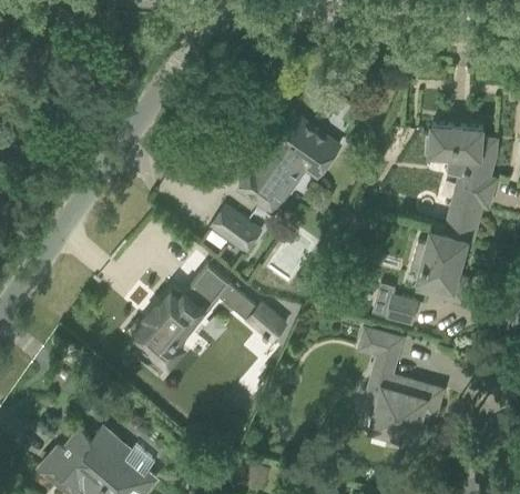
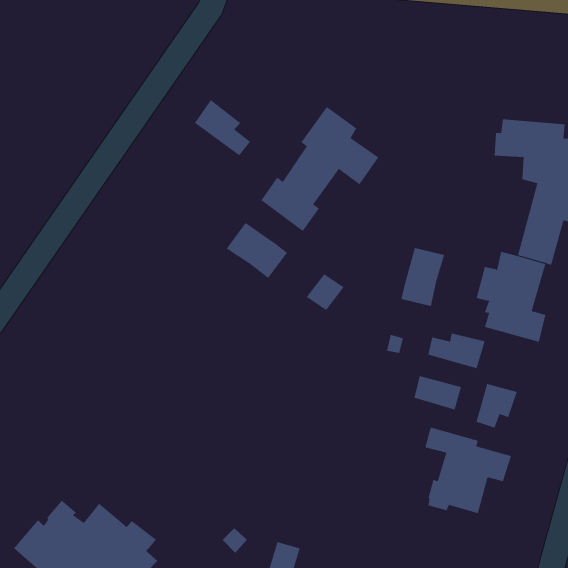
building: none -> [194,99,251,156]
building: none -> [401,247,445,307]
building: [133,263,286,374] -> none
building: none -> [476,383,517,428]

